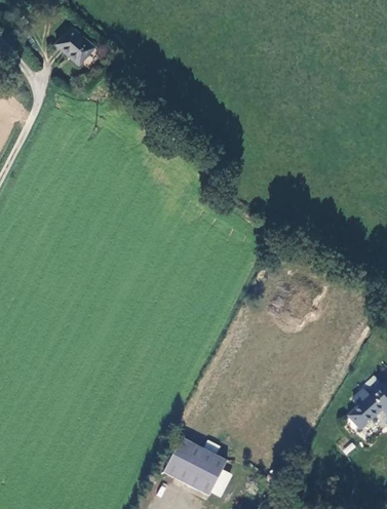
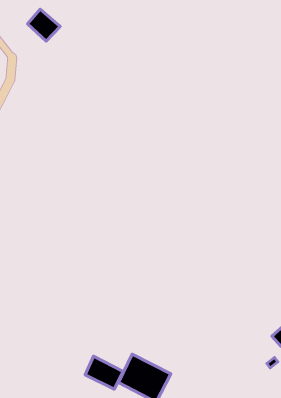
building: none -> [85,356,123,389]

